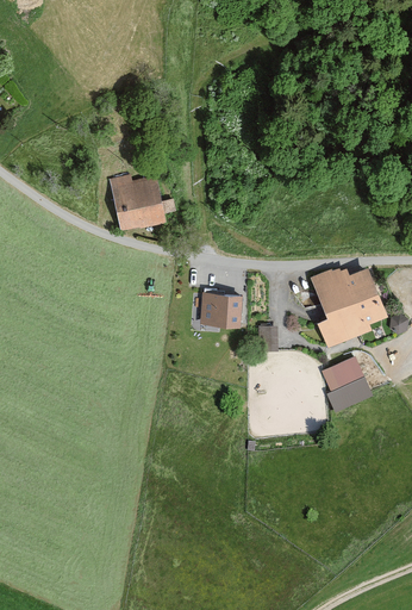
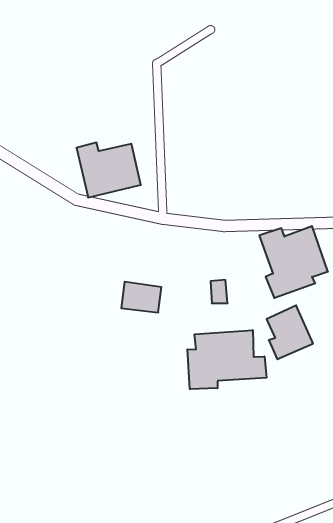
building: [196,293,242,328] -> [121,282,161,312]
building: none -> [187,330,266,389]

